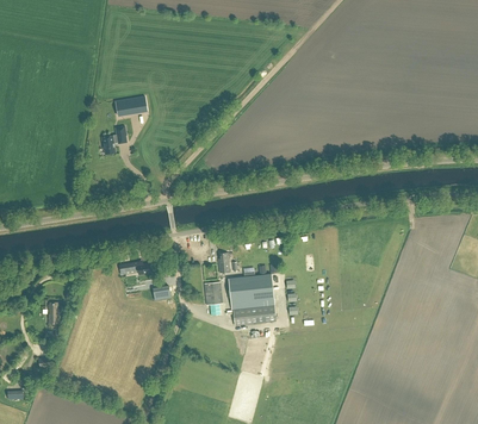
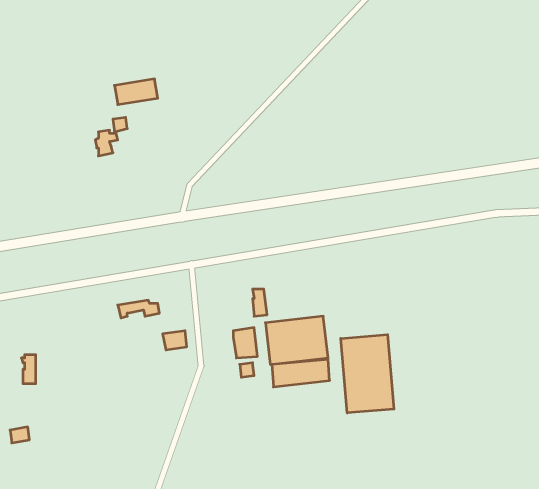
building: none -> [341,335,394,413]

